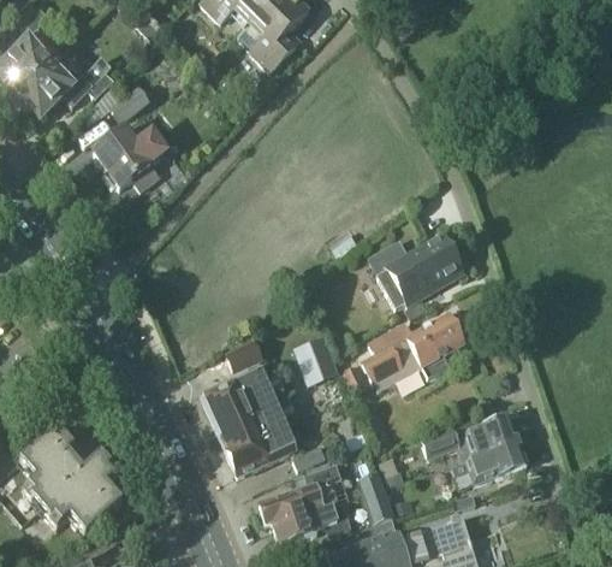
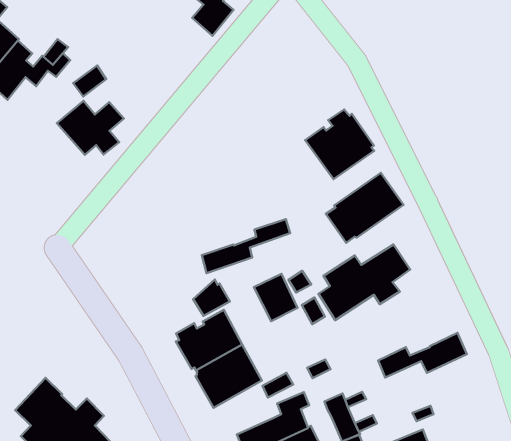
building: none -> [305,109,374,179]
building: none -> [202,219,290,273]
building: [465,439,527,483] -> none

